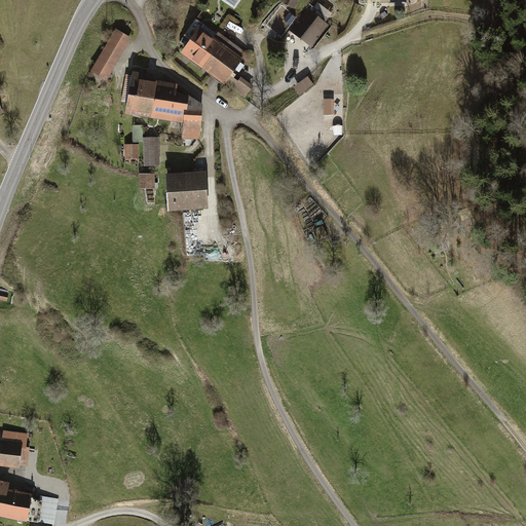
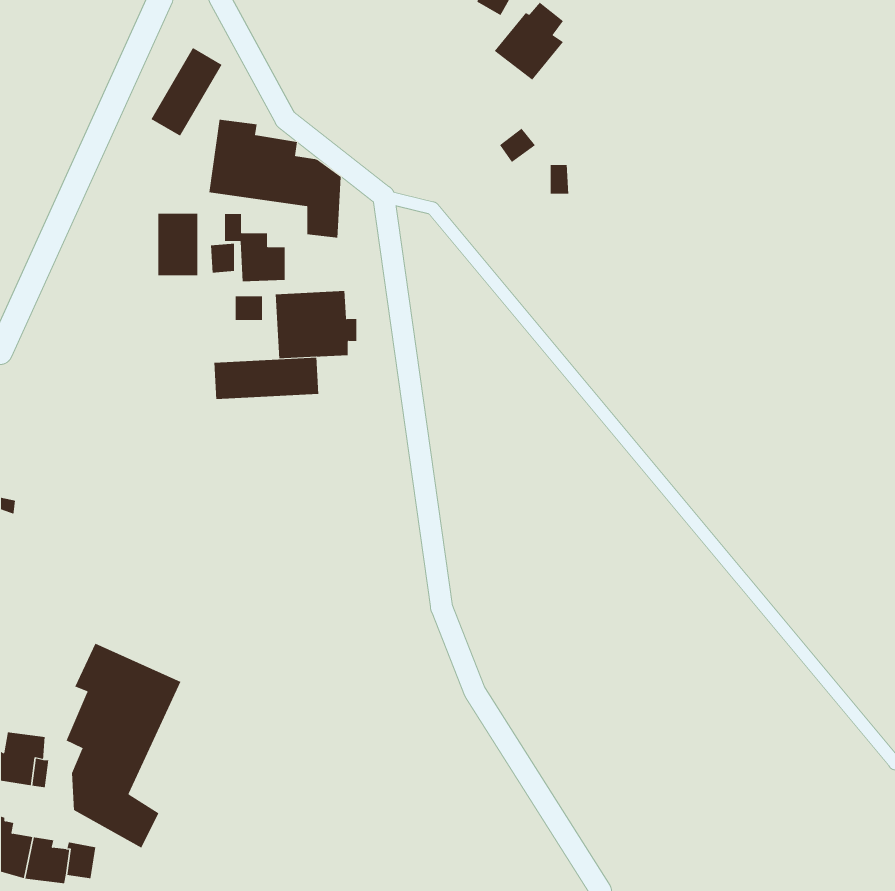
building: [176,18,252,98] -> none
building: none -> [158,213,198,276]
building: none -> [214,357,319,400]
building: none -> [66,643,181,848]

